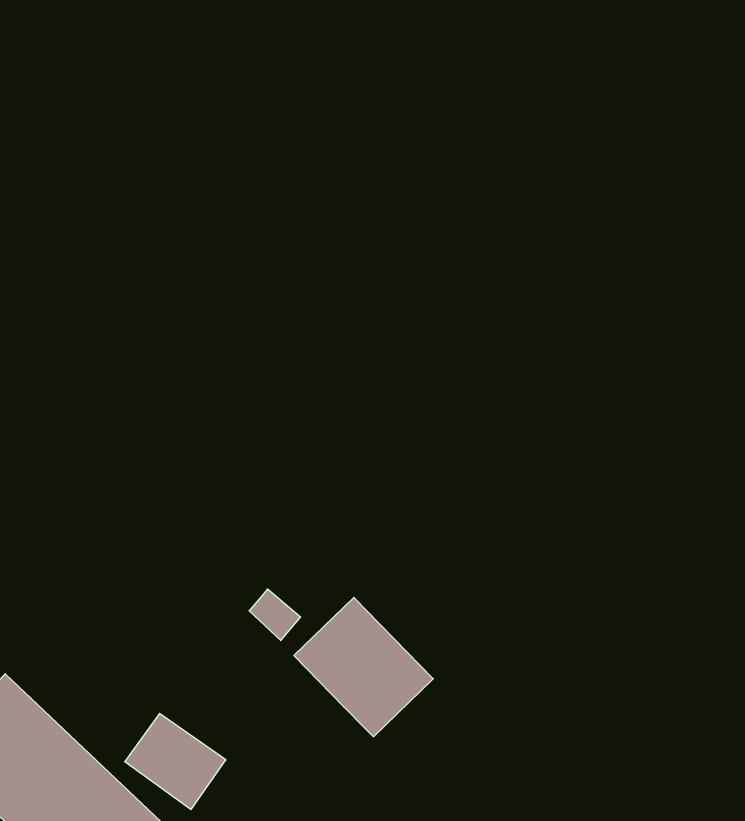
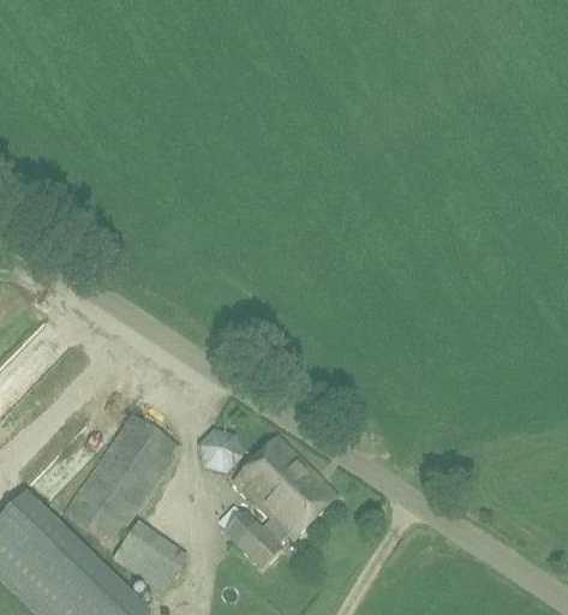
building: none -> [64,413,180,544]
building: none -> [223,512,287,569]

